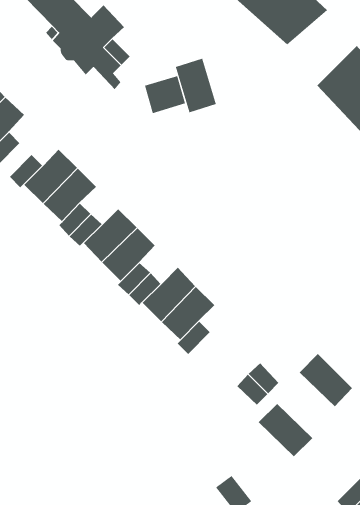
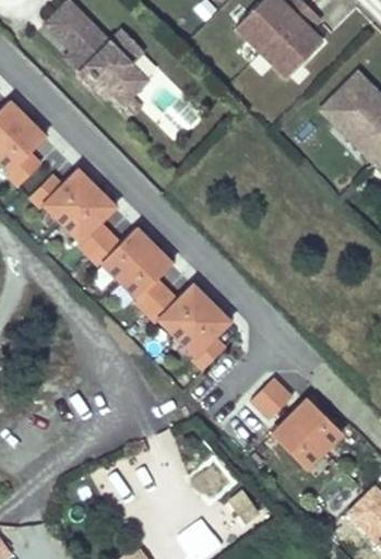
building: [175,58,216,113] -> none
building: [299,353,353,407] -> [289,397,342,450]

